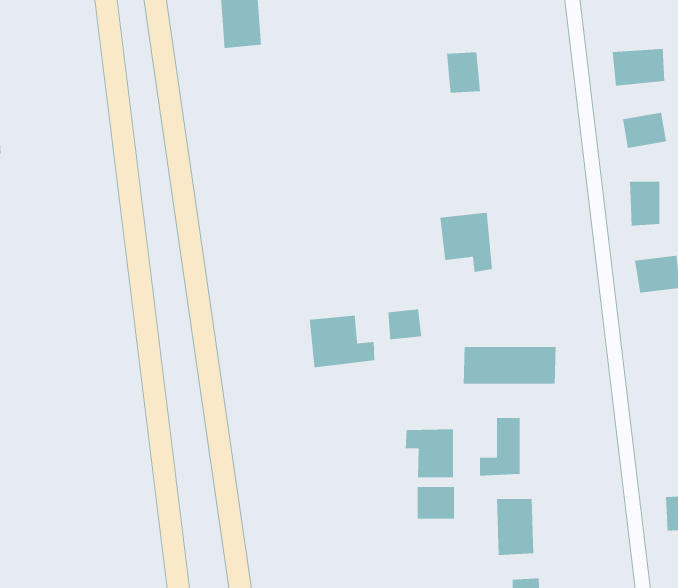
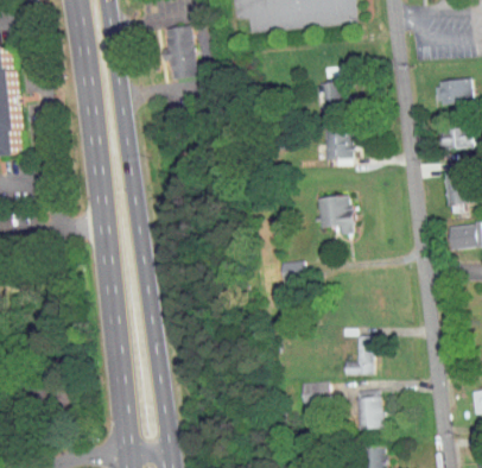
building: none -> [323,128,351,166]
building: [309,315,375,368] -> none
building: [463,346,556,384] -> none
building: [405,429,454,478] -> none

